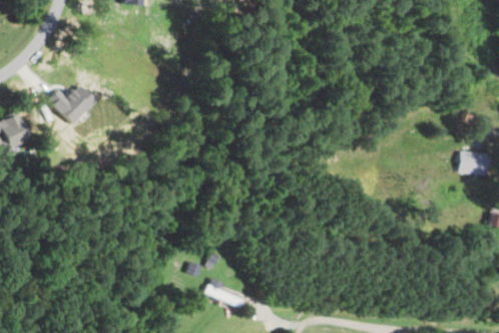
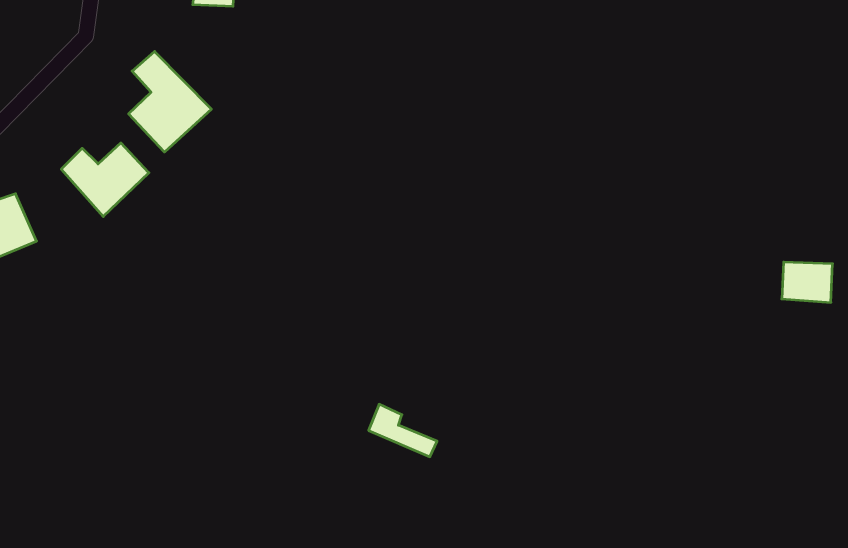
building: none -> [129,51,211,152]
building: [205,277,244,307] -> [369,404,437,457]

